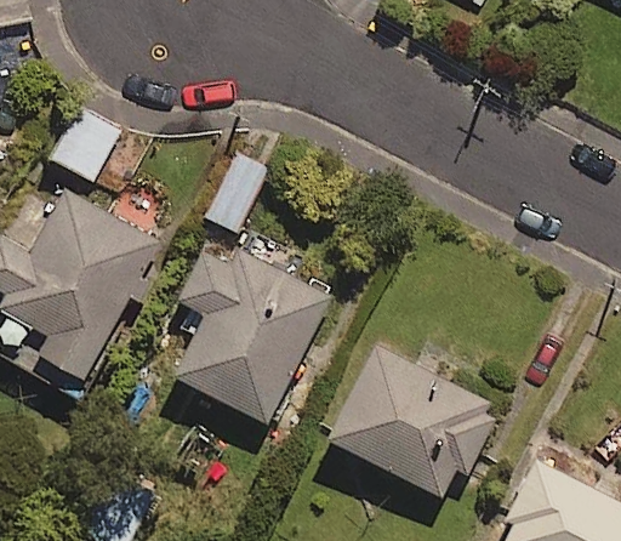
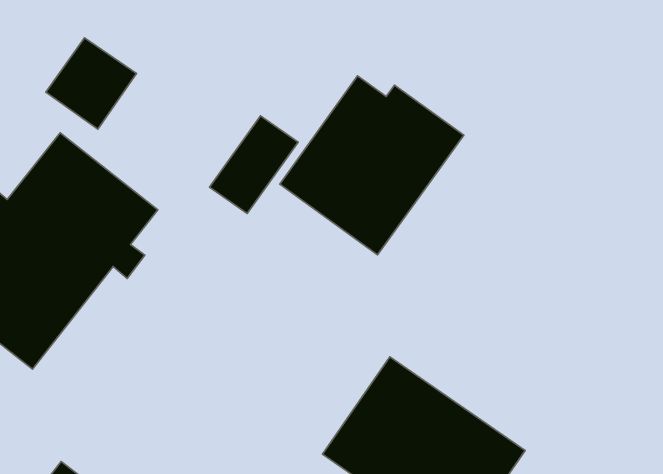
building: none -> [280,76,464,255]
building: [172,244,335,425] -> none

